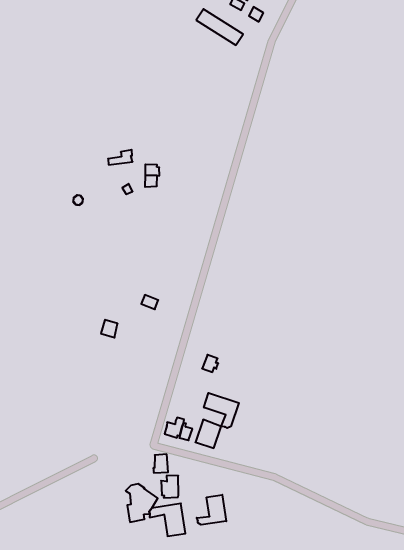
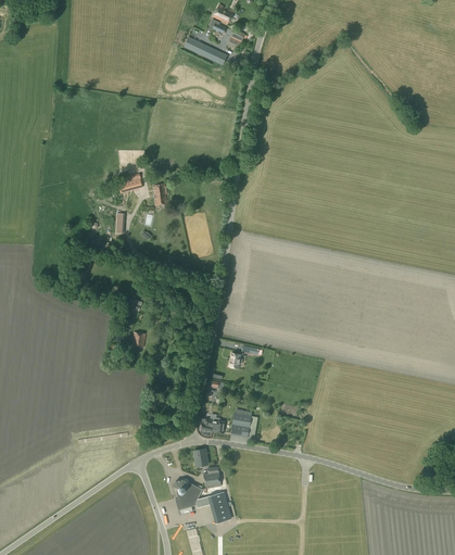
building: [204,393,239,428] -> none
building: [197,495,226,525] -> none

